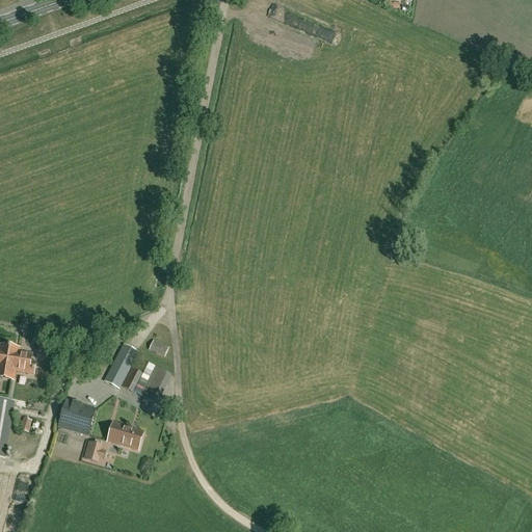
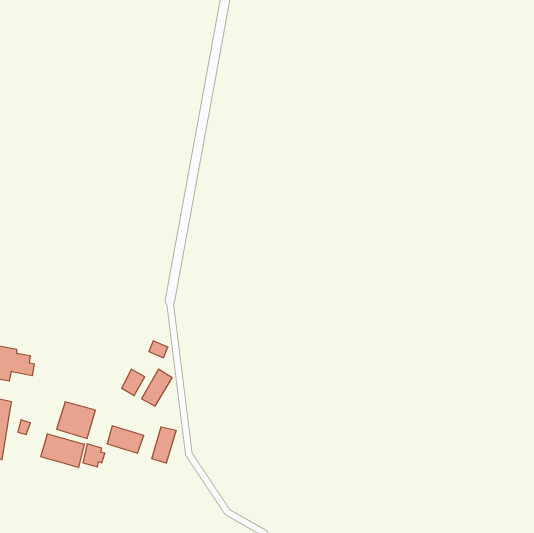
building: [102,343,136,387] -> none
building: none -> [152,427,176,463]
building: none -> [41,434,84,468]

